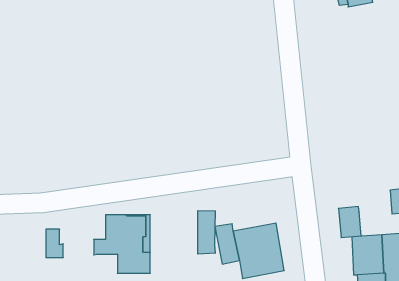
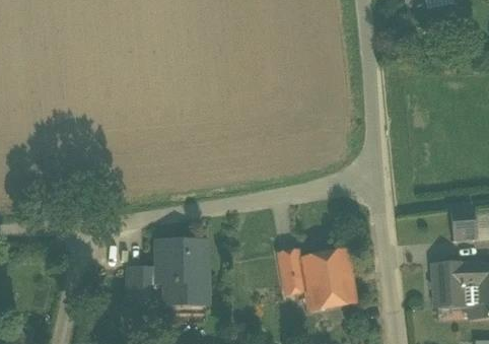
building: [338,207,361,238] -> [450,206,476,240]
building: [198,211,215,254] -> none
building: [46,229,63,258] -> [129,267,148,298]

